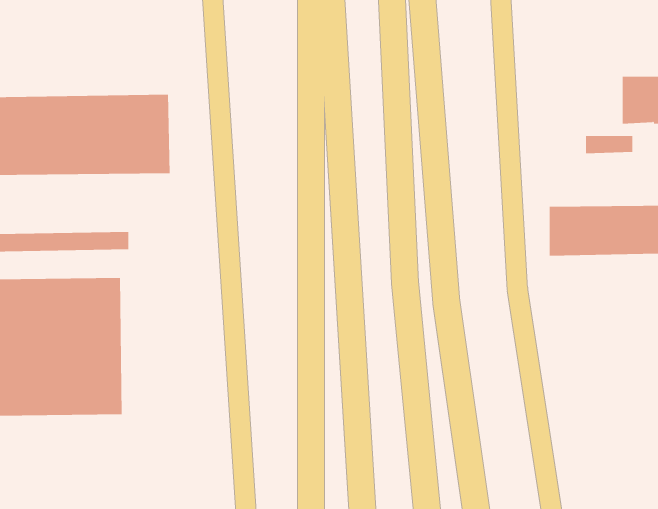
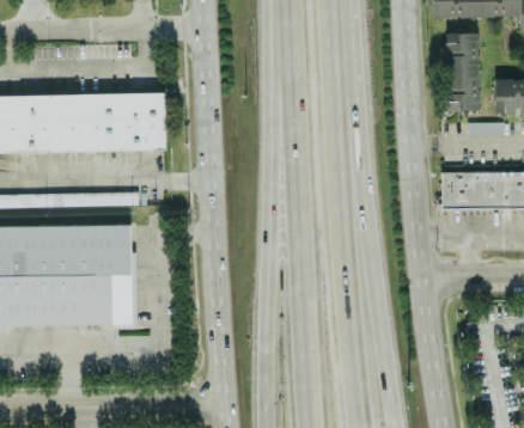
building: none -> [444,33,479,110]

